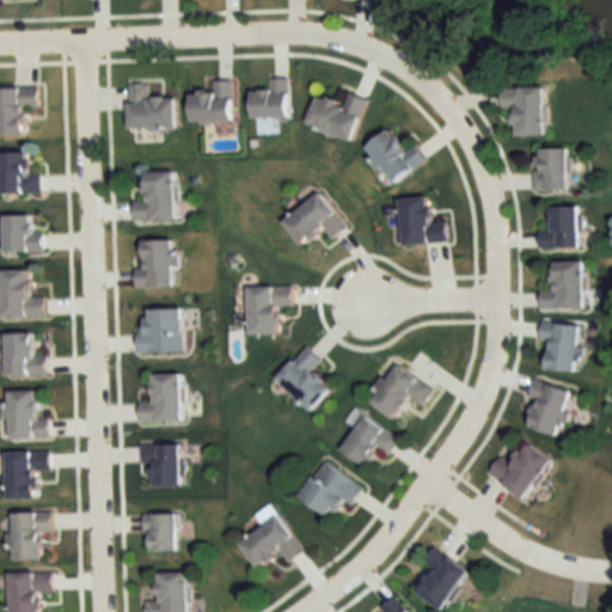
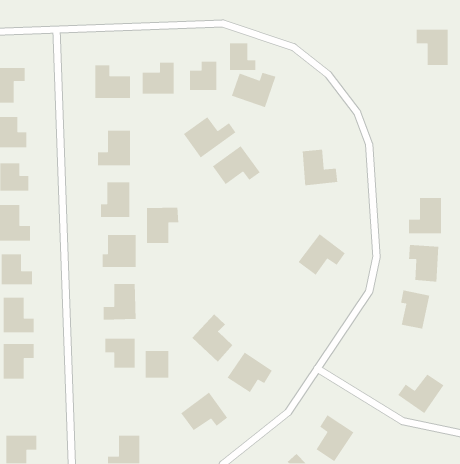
building: none -> [229,42,256,71]
building: [498,88,541,137] -> [416,29,449,66]
building: [363,131,422,185] -> none
building: [532,149,565,191] -> none
building: none -> [183,116,237,158]
building: [536,208,576,247] -> none
building: [246,286,289,335] -> [146,207,179,244]
building: [273,347,328,411] -> [191,313,233,362]
building: [367,363,430,420] -> [298,233,346,276]
building: [338,416,396,467] -> none
building: [485,445,547,498] -> [397,373,444,414]
building: [8,513,48,559] -> none
building: [141,514,173,551] -> [145,350,169,378]

